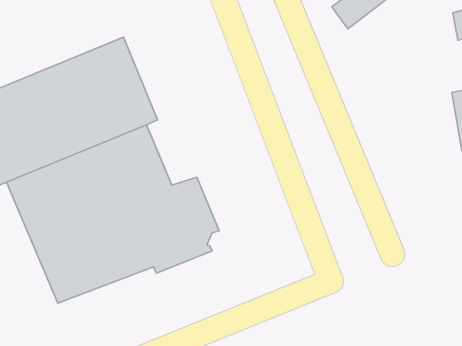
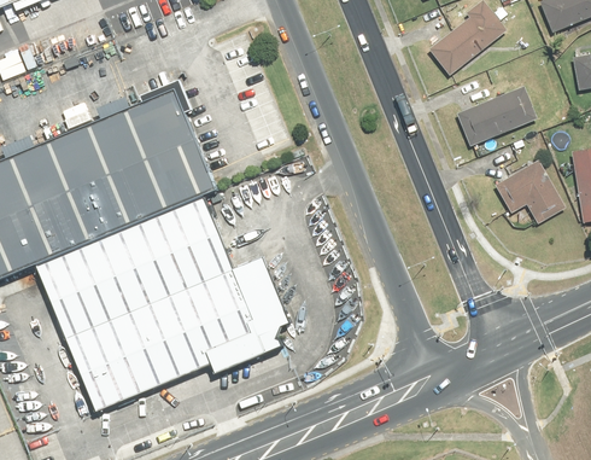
building: none -> [456,87,536,147]
building: none -> [492,159,566,226]

